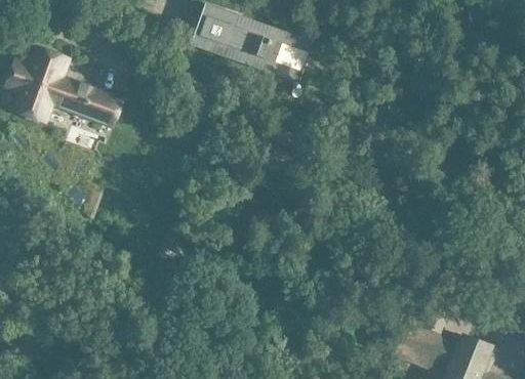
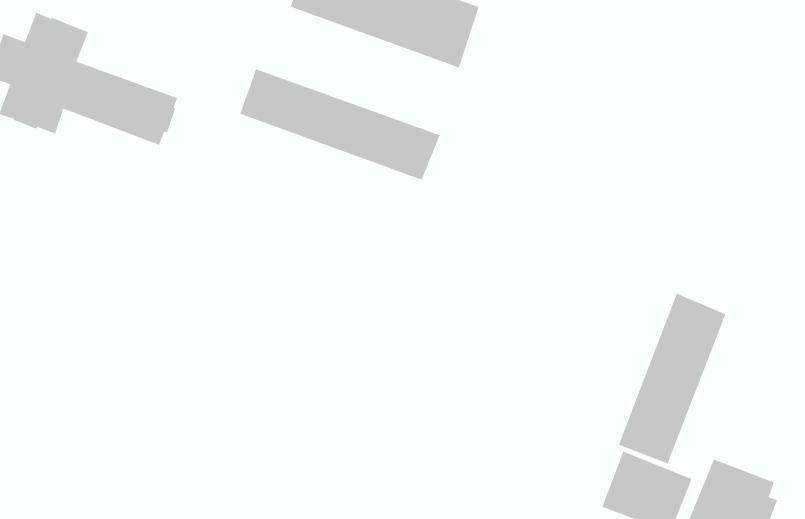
building: none -> [240,69,440,181]
building: none -> [618,293,726,464]

